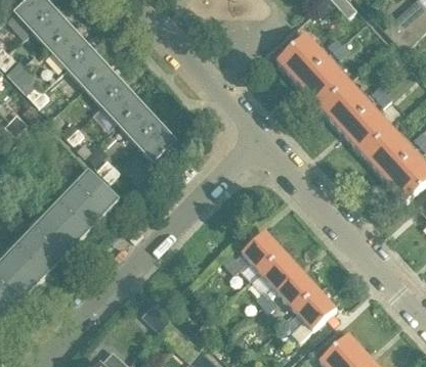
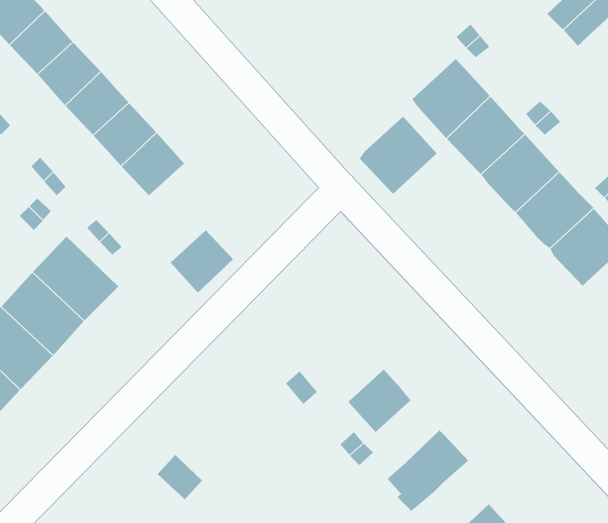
building: [279,34,328,83] -> [359,116,438,195]
building: [136,123,176,163] -> [170,229,234,294]
building: [243,232,283,271] -> none
building: [278,270,317,309] -> none

